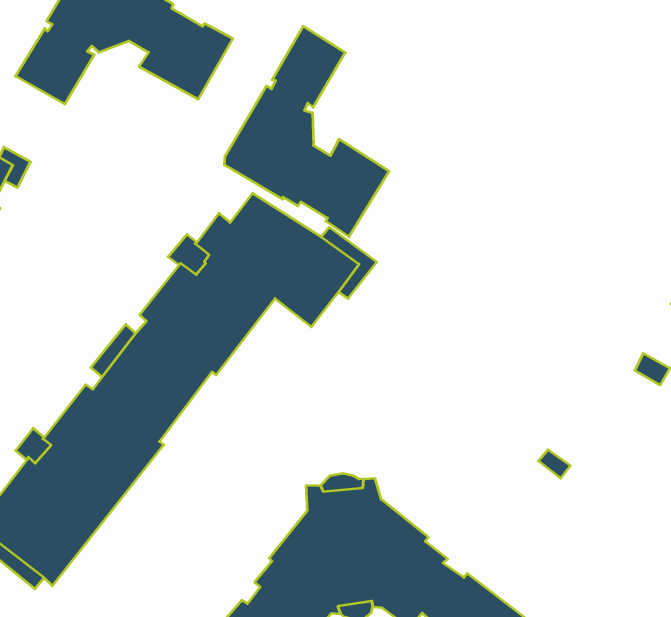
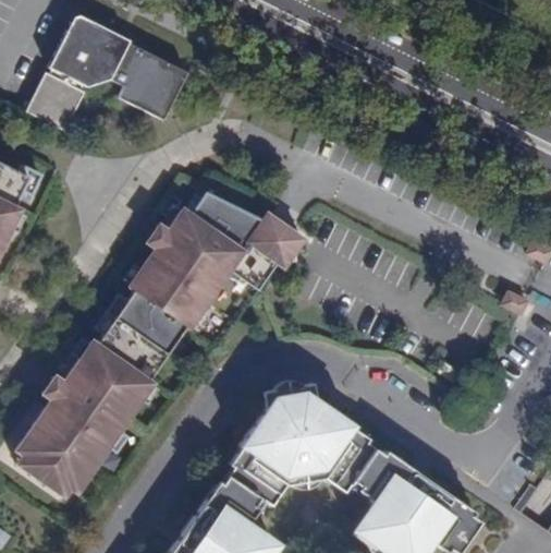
building: [224,26,389,237] -> none

